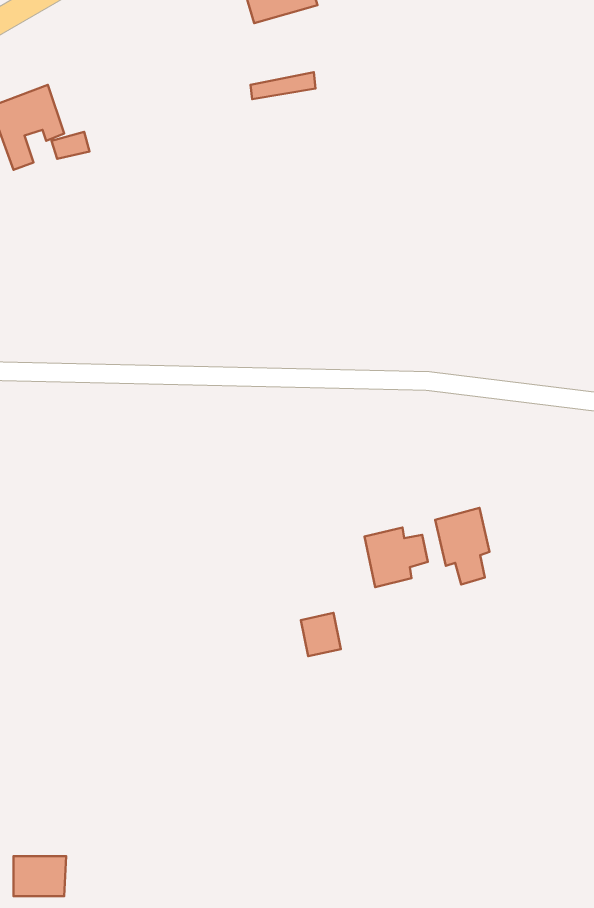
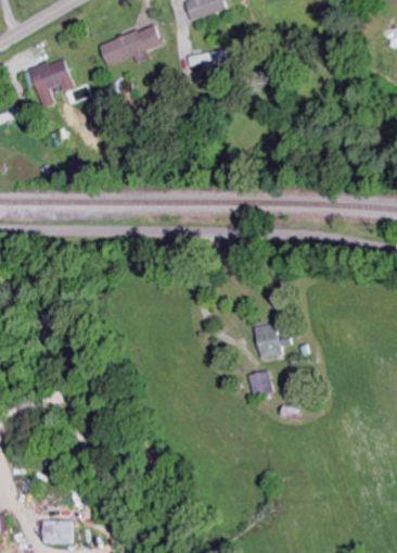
building: none -> [100,23,164,66]
building: [435,508,490,584] -> none
building: [301,613,341,656] -> [248,370,272,397]

